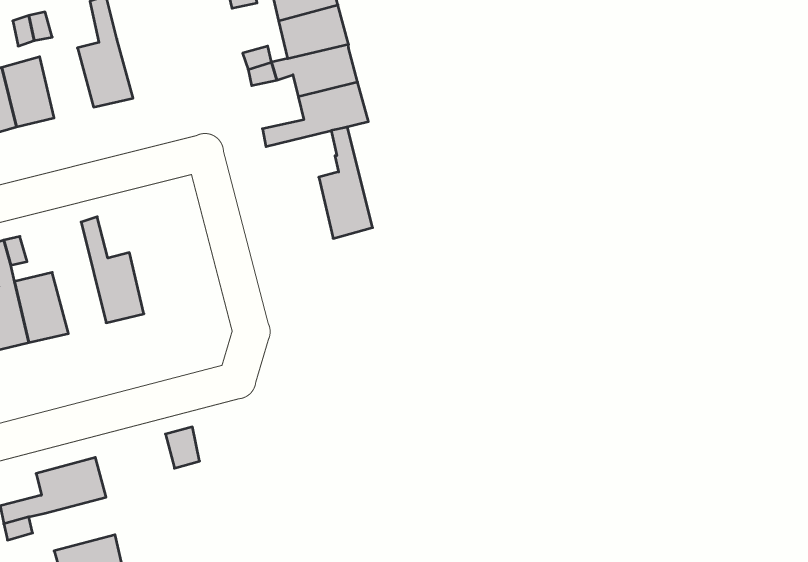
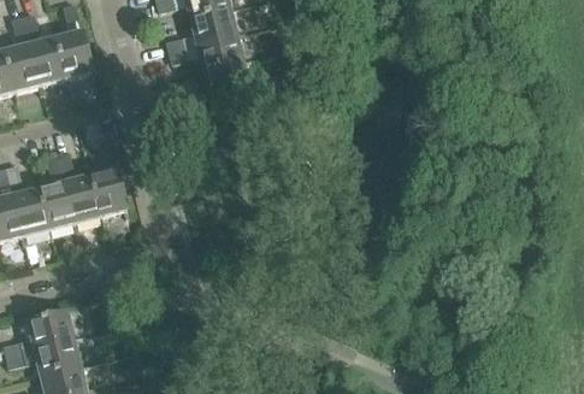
building: none -> [30,37,66,84]
building: [319,127,373,238] -> [90,141,126,216]
building: none -> [39,154,75,229]
building: none -> [34,339,81,375]

